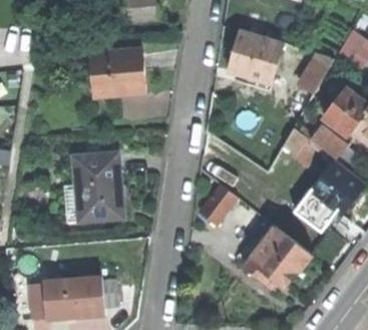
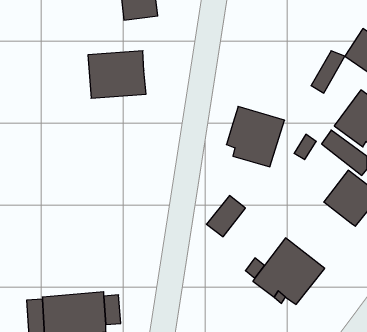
building: [228,29,283,86] -> [226,106,285,167]
building: [63,153,119,221] -> none
building: [297,193,338,233] -> none

